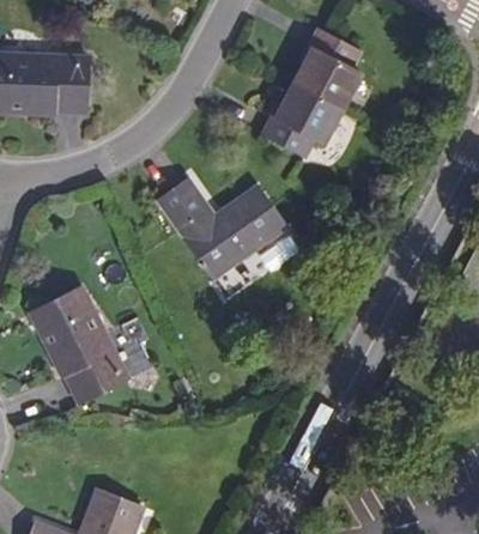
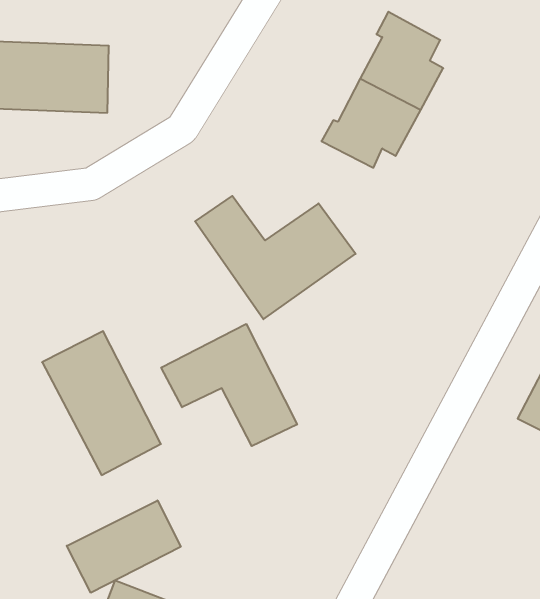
building: none -> [161,324,297,446]
building: none -> [67,500,181,593]

